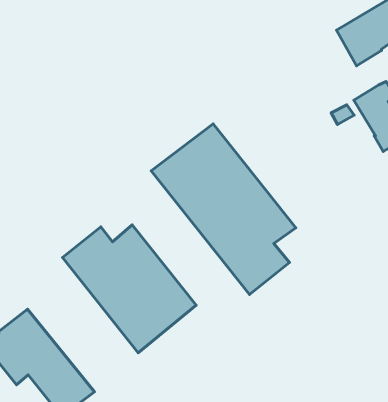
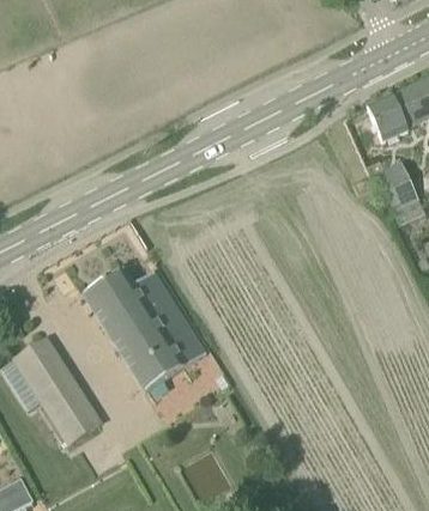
building: [151,124,296,294] -> none

